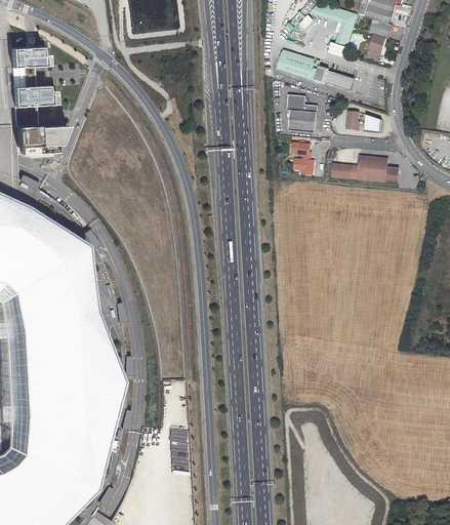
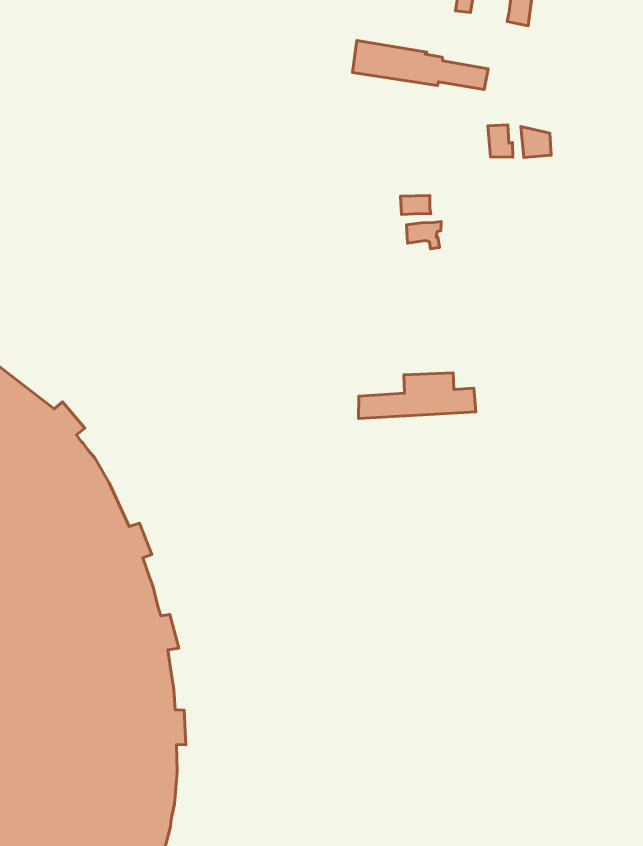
building: [281,94,312,132] -> none
building: [326,156,393,183] -> [359,373,476,419]

